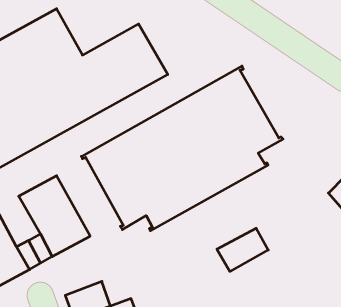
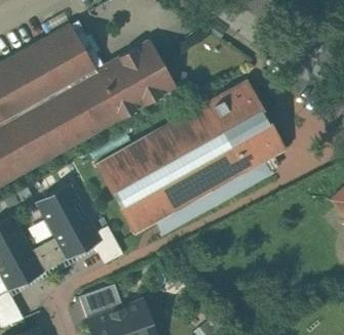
building: [217,228,268,271] -> none

